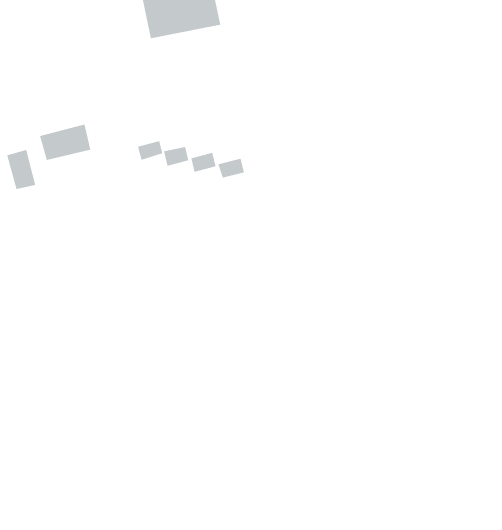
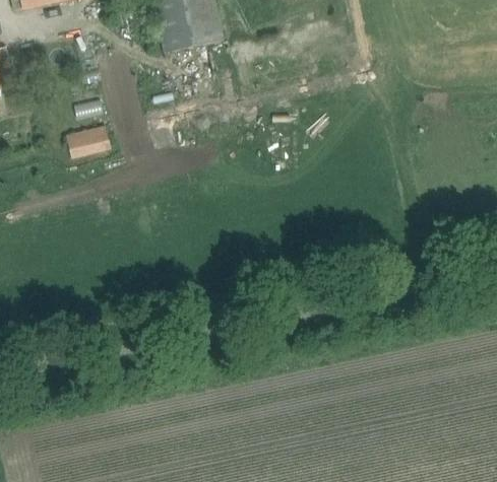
building: [6,149,36,190] -> none

